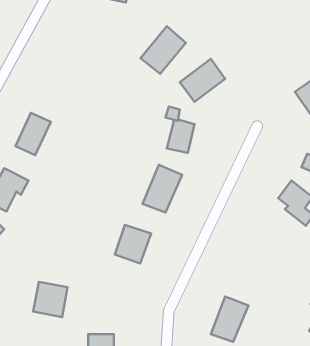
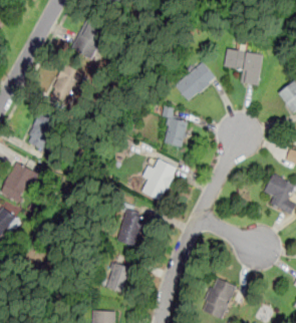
building: [140,26,186,74] -> [69,17,110,60]
building: none -> [224,48,263,85]
building: none -> [49,64,86,104]
building: [33,282,68,317] -> [100,262,131,294]

